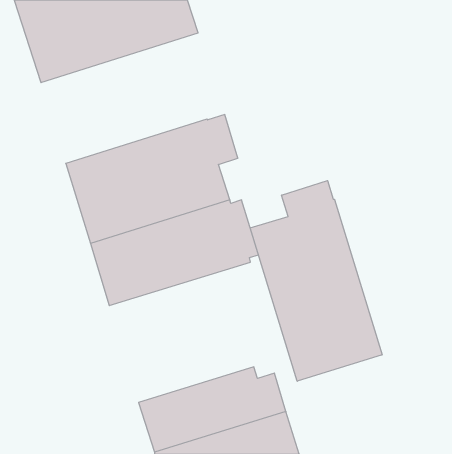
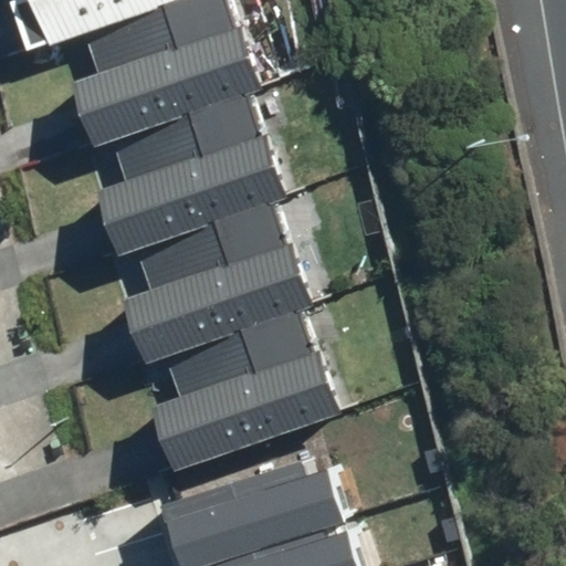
building: none -> [51,41,265,203]
building: [250,181,382,381] -> none
building: none -> [136,326,344,484]

